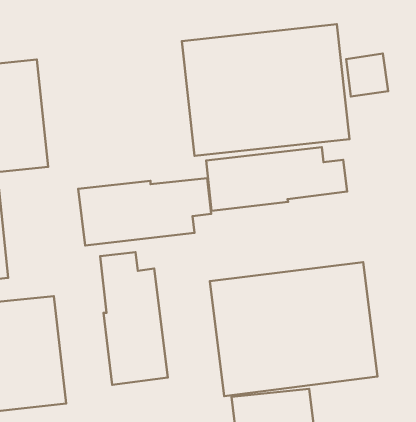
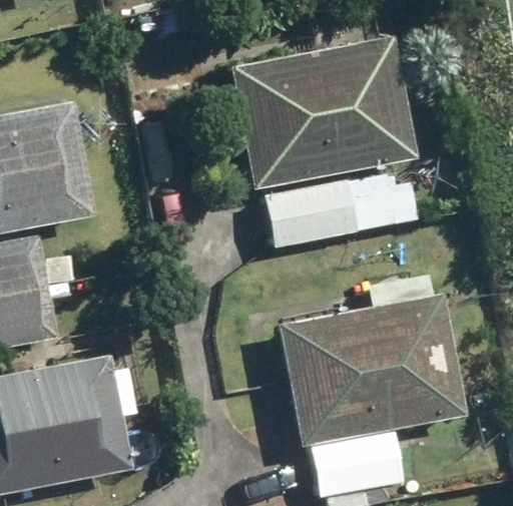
building: [78,178,211,246] -> none
building: [100,252,168,385] -> none

